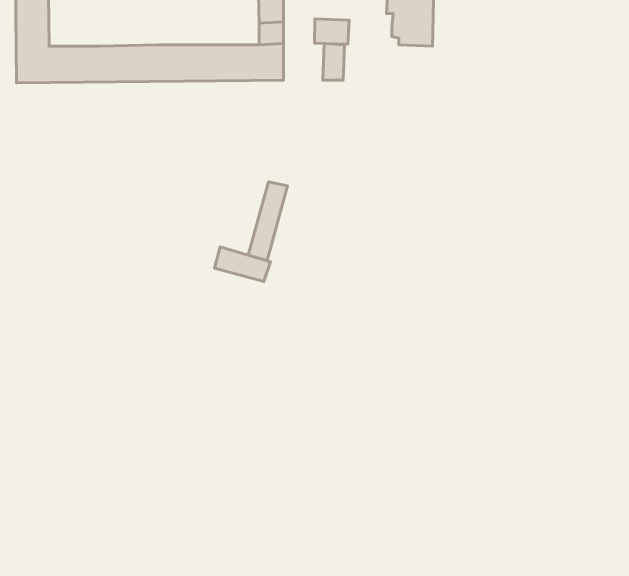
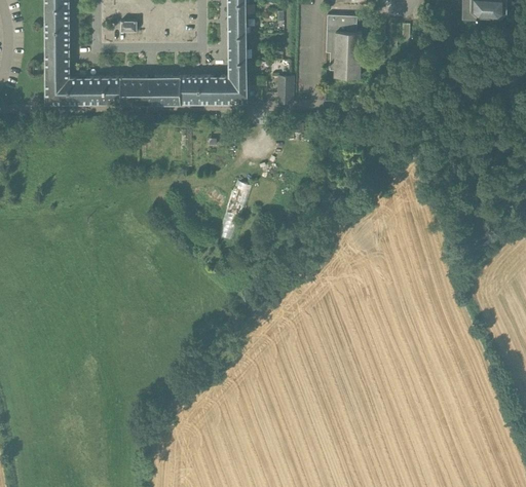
building: [315,19,349,44] -> none
building: [214,247,271,282] -> none

